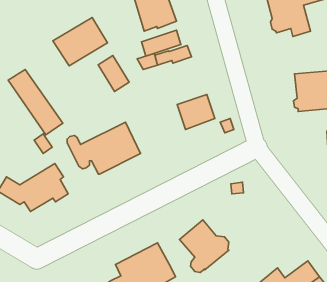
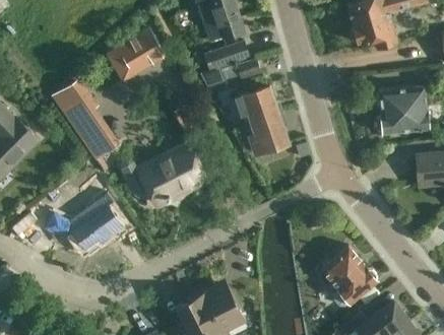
building: [98,55,129,91] -> none
building: none -> [236,84,279,125]
building: [180,220,229,273] -> [322,248,378,308]

